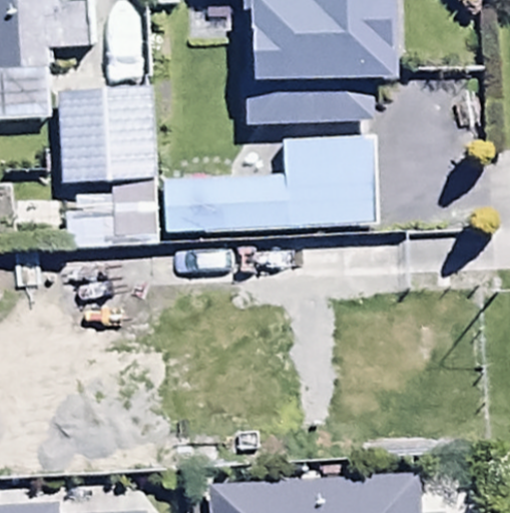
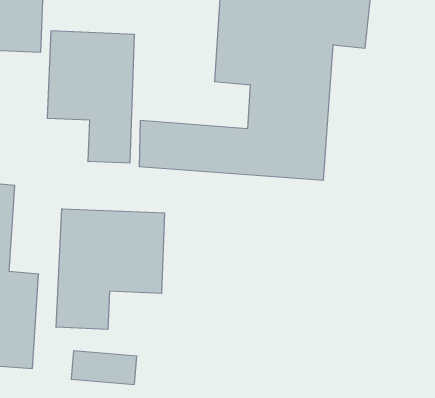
building: none -> [56,209,164,329]

